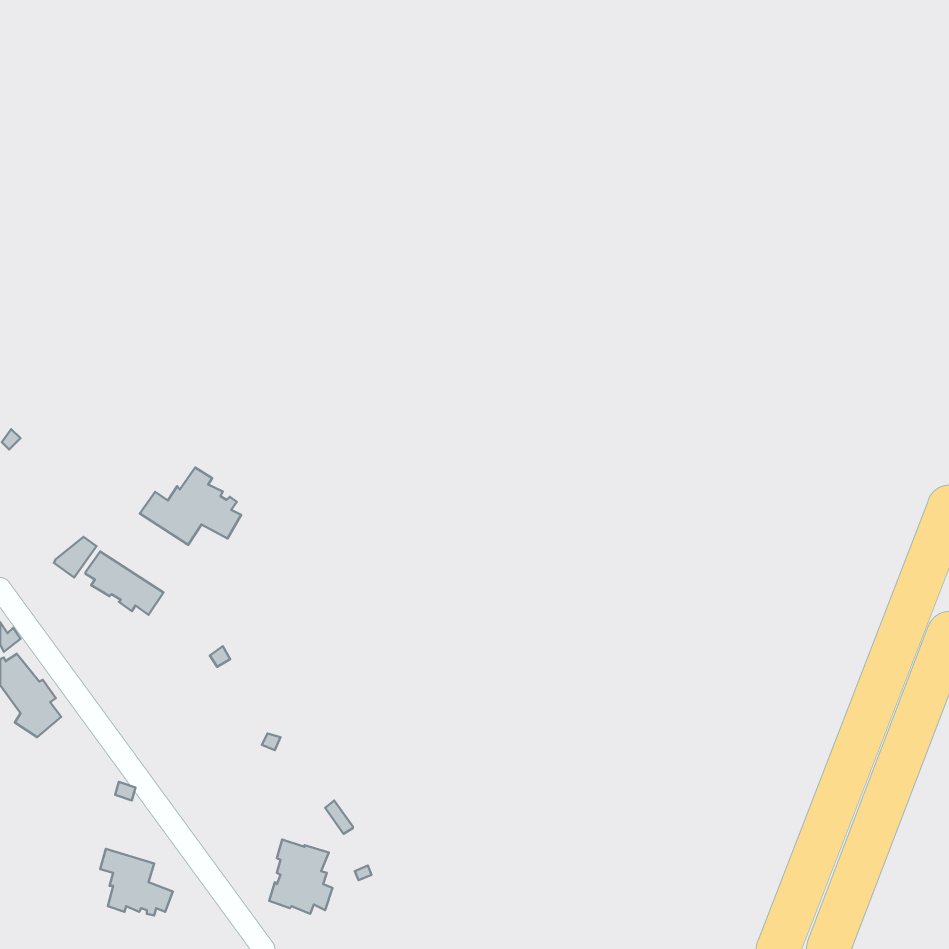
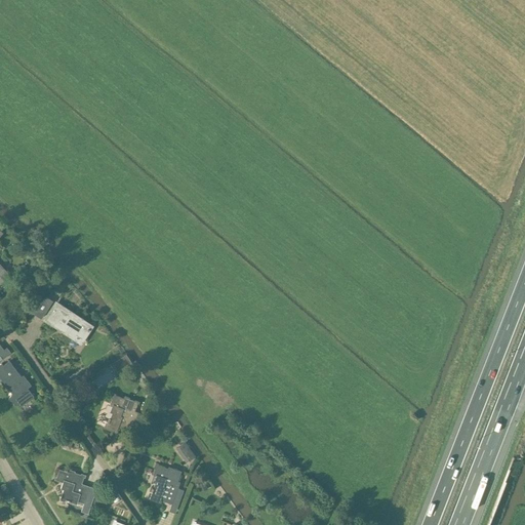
building: [140,468,241,545] -> none
building: none -> [105,394,139,432]

